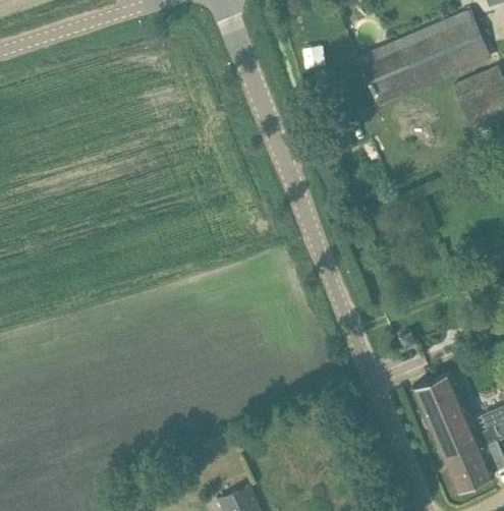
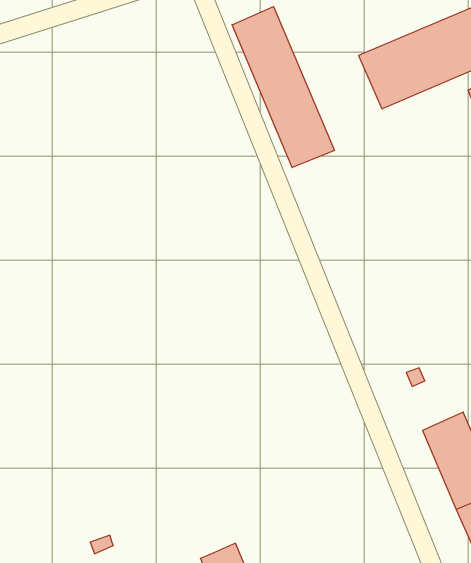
building: none -> [232,7,335,168]

